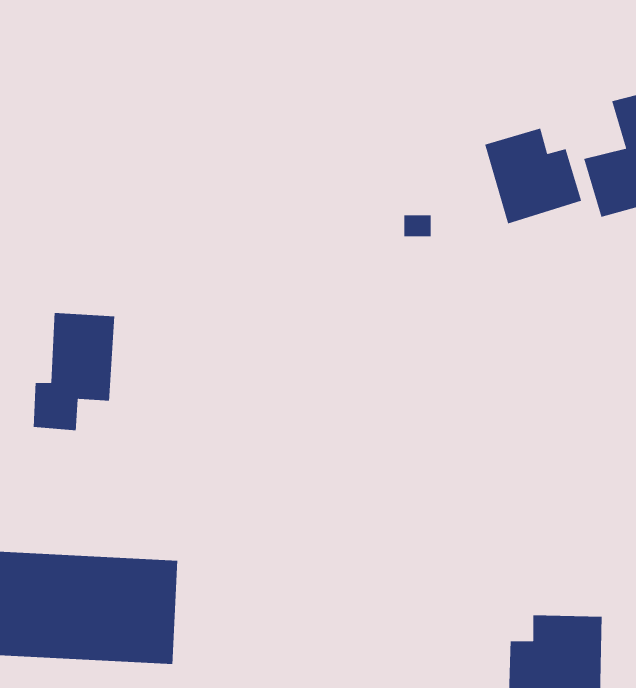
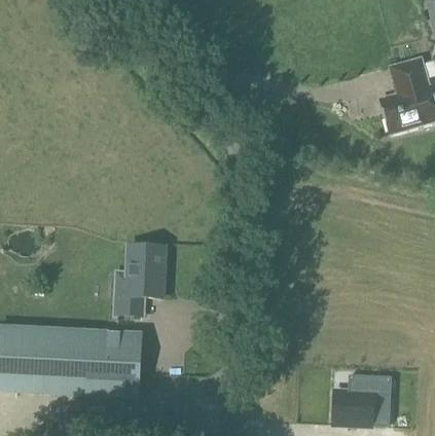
building: [484,127,582,224] -> none
building: [33,312,115,431] -> [115,244,164,314]

